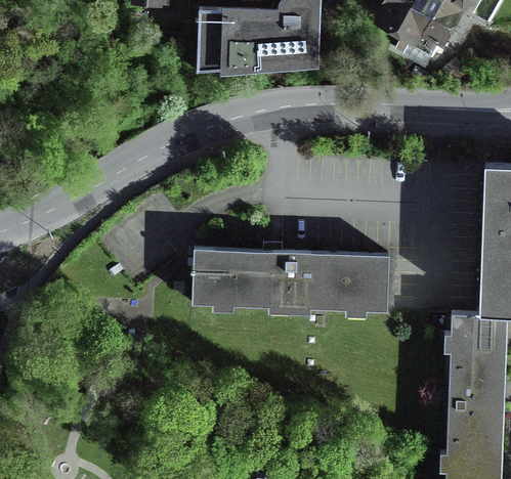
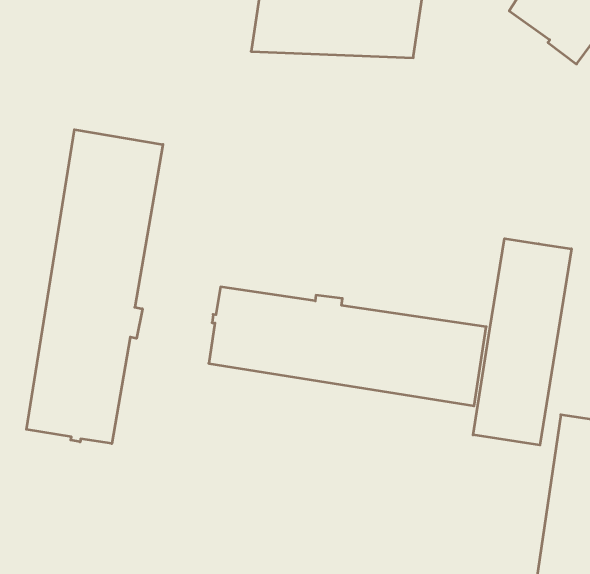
building: none -> [26,130,163,444]
building: none -> [473,239,571,445]

